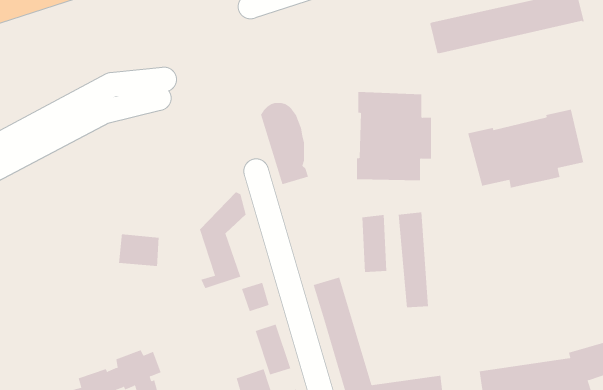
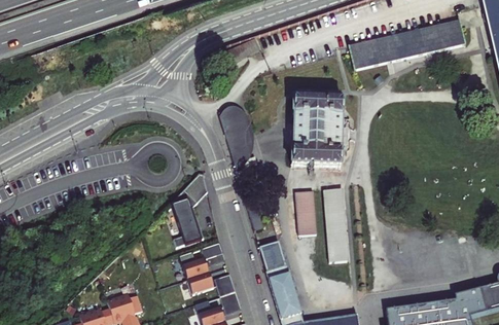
building: [468,109,584,188] -> none
building: [118,233,159,267] -> none
building: none -> [180,251,214,293]

